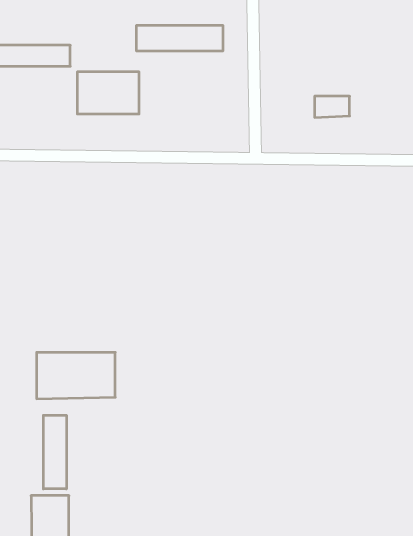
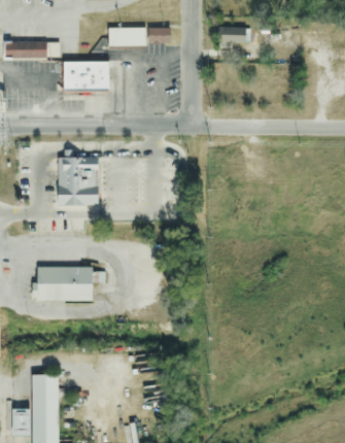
building: [315,96,350,117] -> [220,27,246,42]
building: none -> [58,156,98,205]
building: [43,415,66,489] -> none

